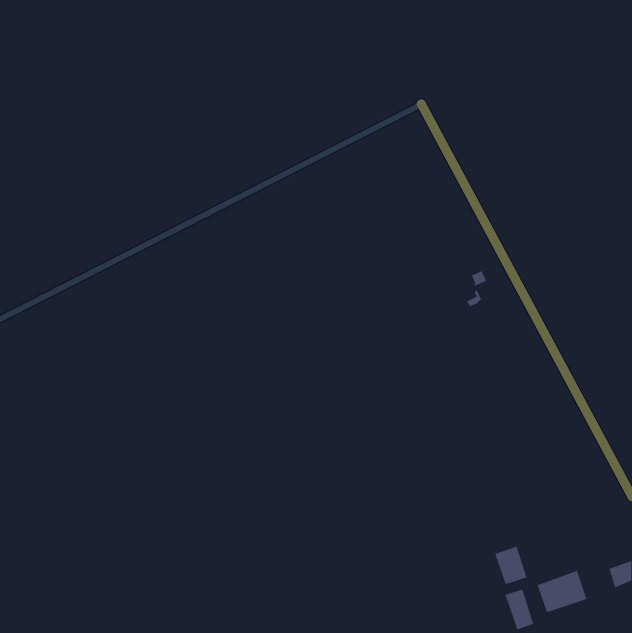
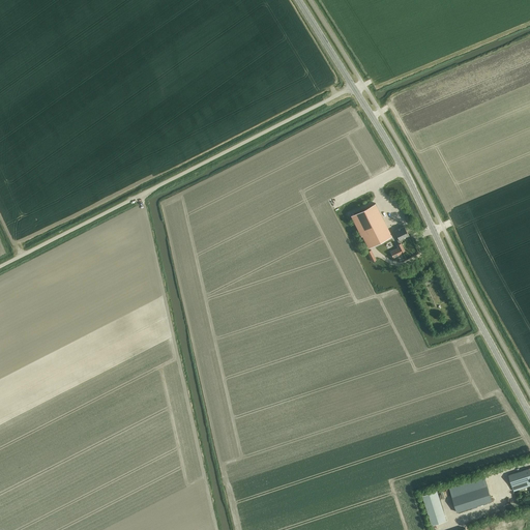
building: none -> [351,204,391,248]
building: [494,545,527,585] -> none

